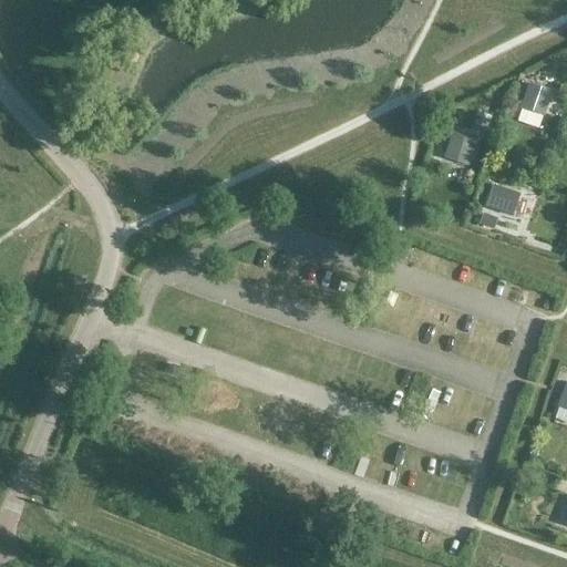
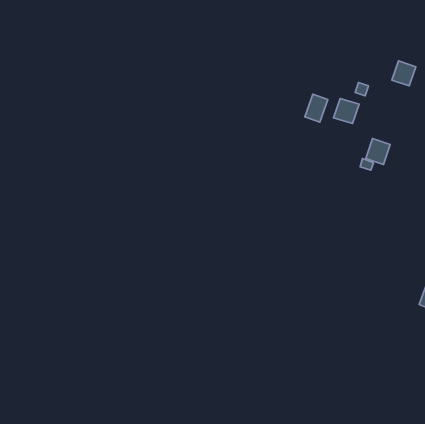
building: none -> [305,94,328,122]

